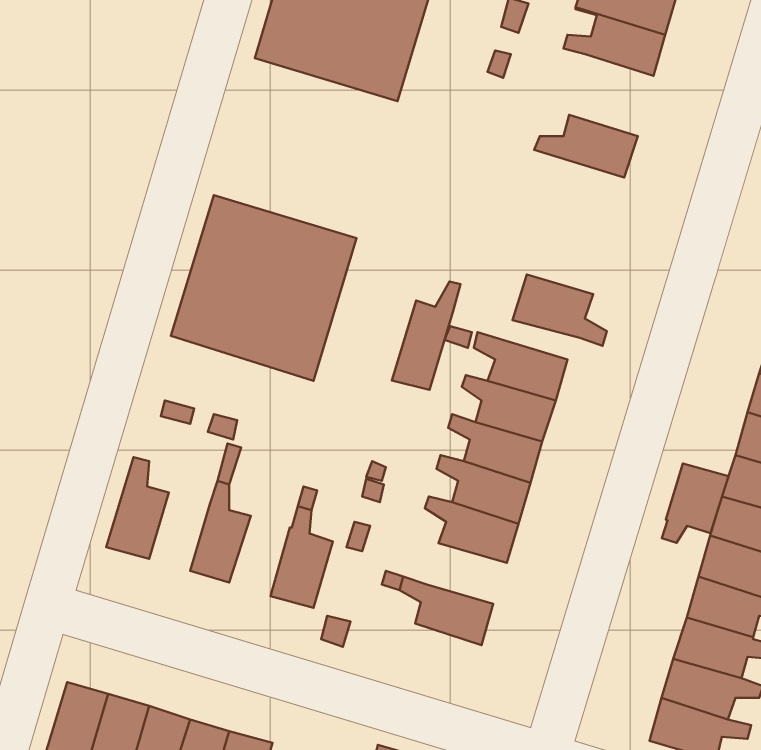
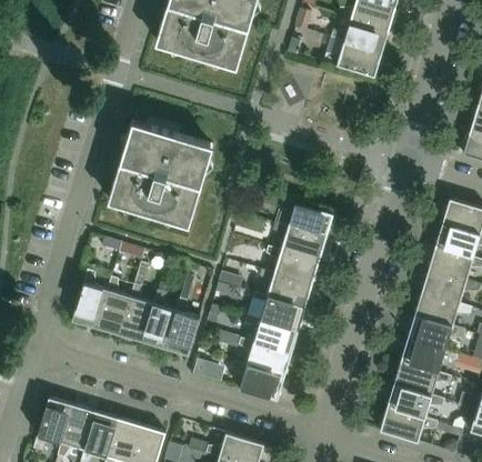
building: [534,115,638,177] -> [323,42,382,78]
building: [513,275,607,346] -> none
building: [392,281,460,390] -> none
building: [662,463,728,543] -> none
building: none -> [96,278,130,335]
building: none -> [141,292,175,350]
building: none -> [245,317,299,354]
building: none -> [231,362,284,401]

